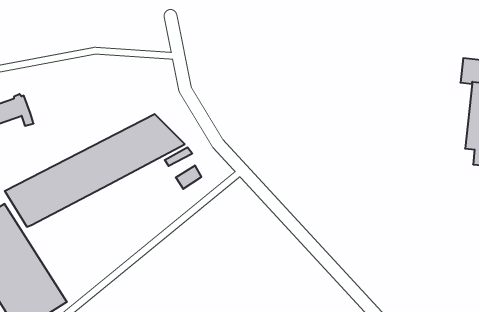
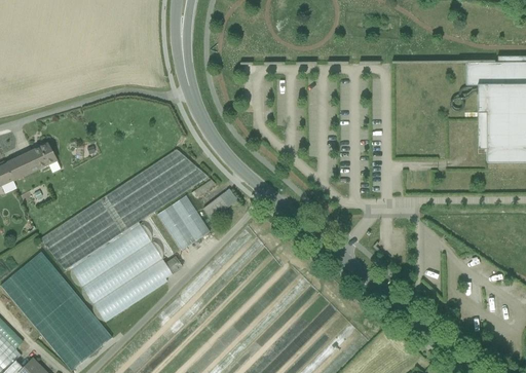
building: none -> [156,193,211,250]
building: none -> [69,220,175,323]

